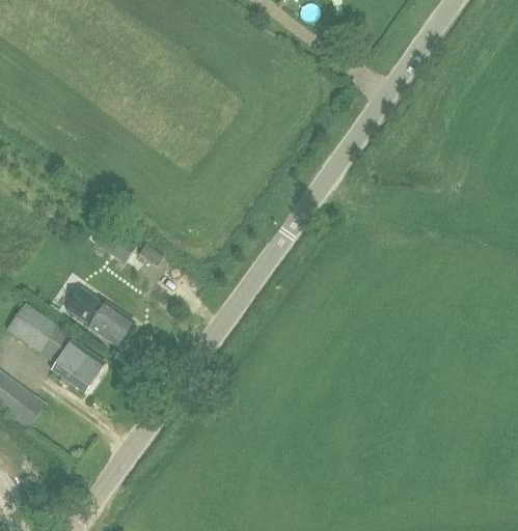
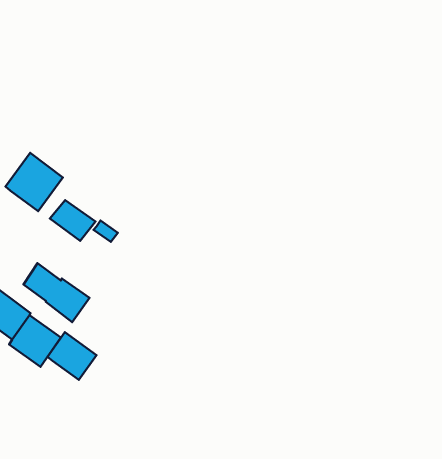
building: none -> [5,153,63,211]
building: none -> [48,332,96,380]

